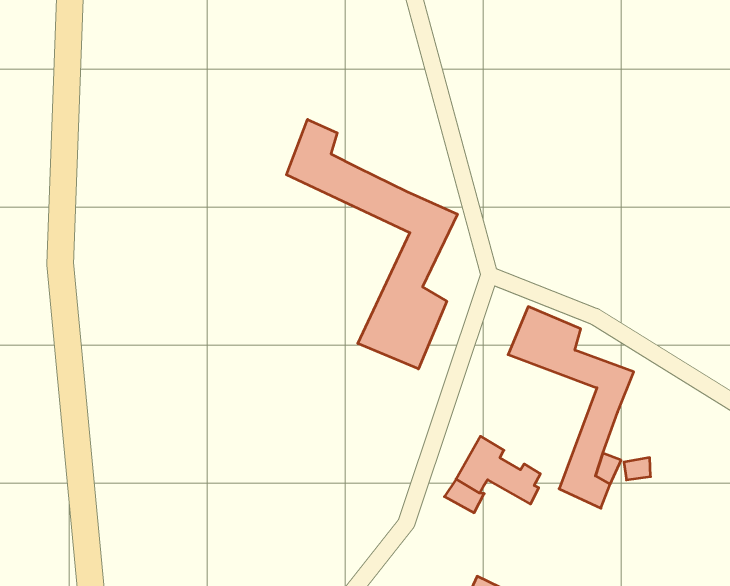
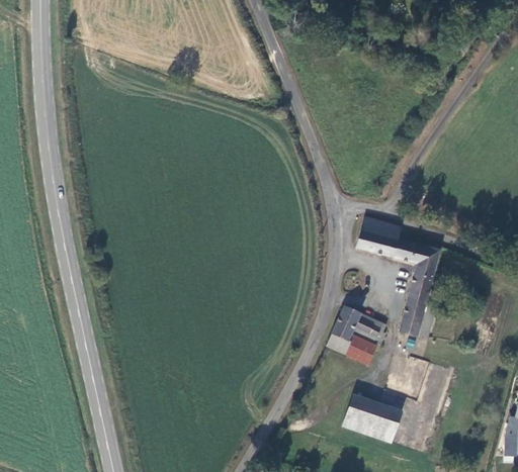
building: [286,119,457,369] -> none
building: none -> [347,336,376,364]

